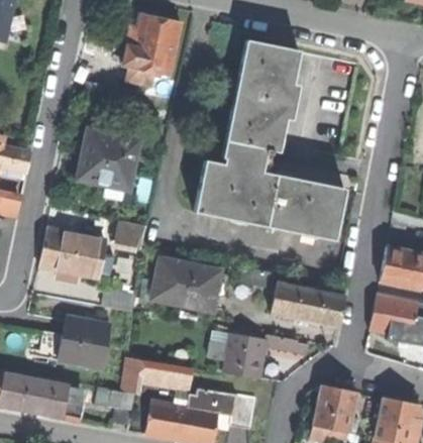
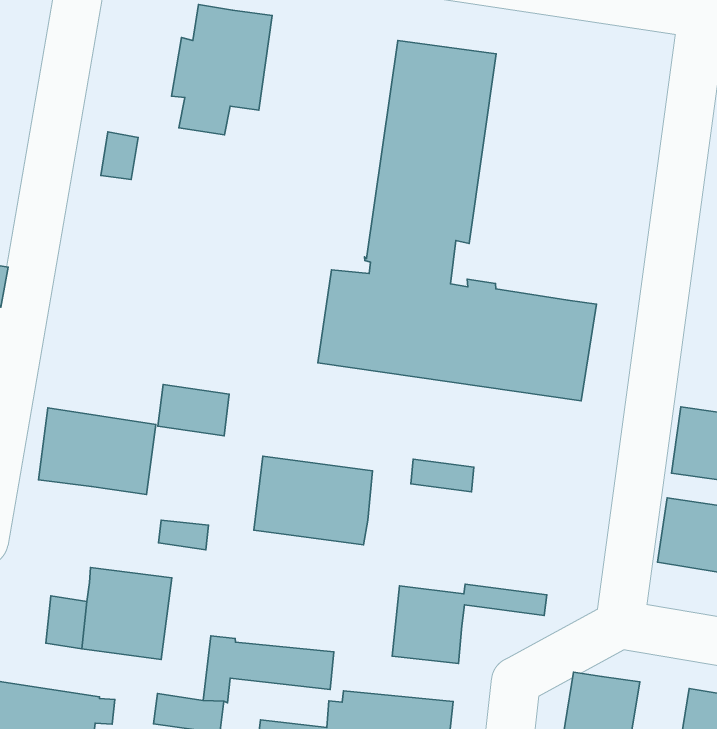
building: [79,130,136,189] -> none
building: [272,283,345,327] -> none

